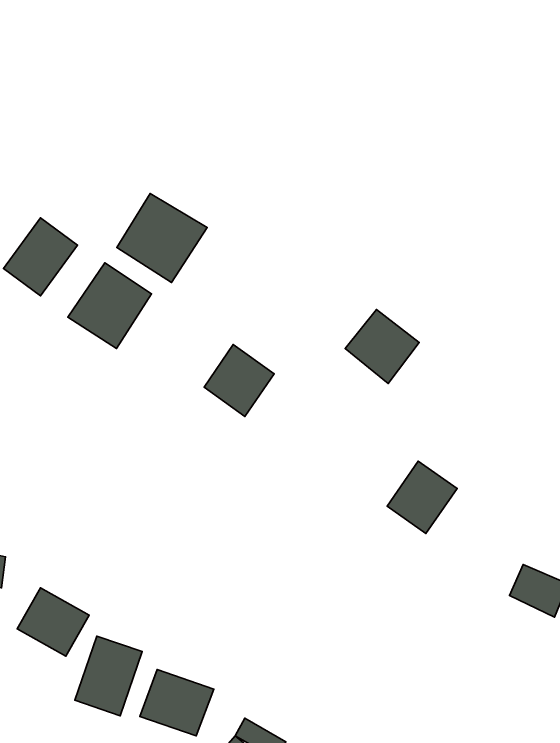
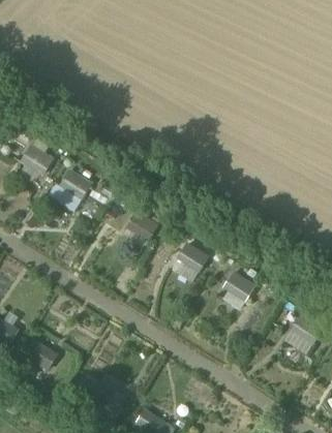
building: [117,193,207,283] -> none
building: [345,309,419,383] -> [170,242,209,281]
building: [75,636,142,716] -> none

